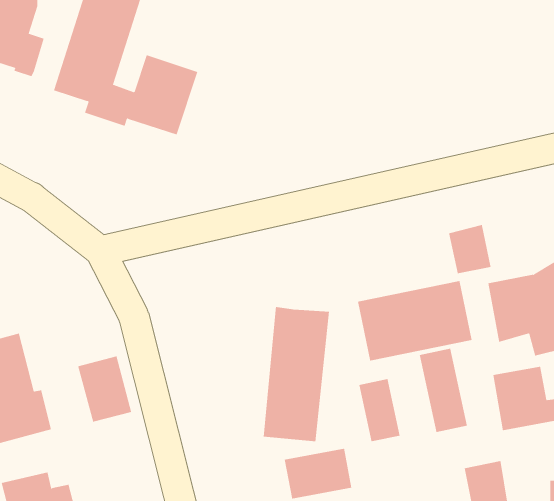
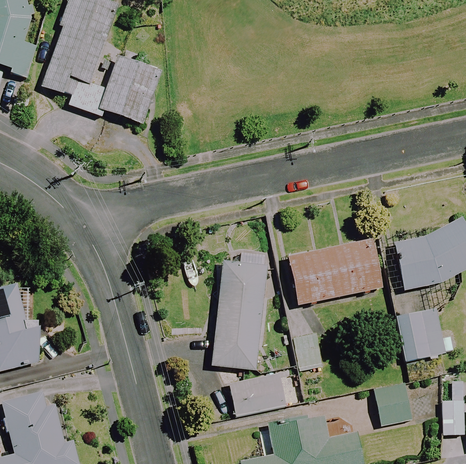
building: [448,224,491,274] -> none
building: [419,348,468,433] -> none
building: [78,355,132,423] -> none

